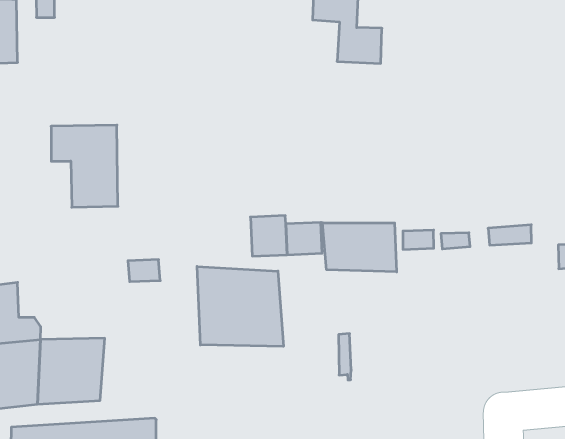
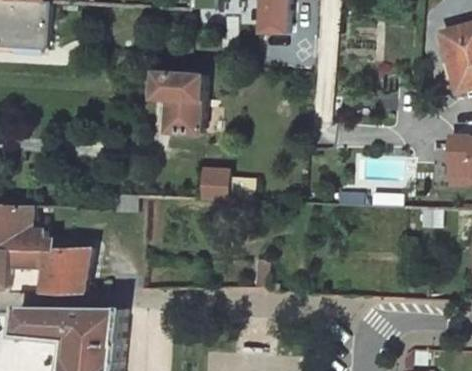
building: [51,125,118,207] -> [154,71,203,132]
building: [323,223,397,272] -> none
building: [197,266,283,346] -> none

